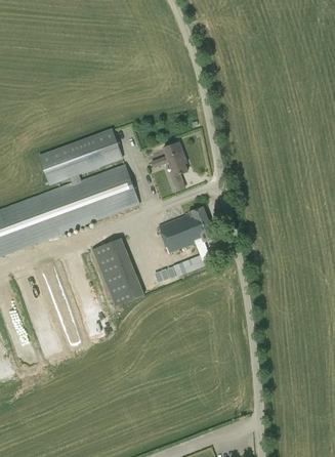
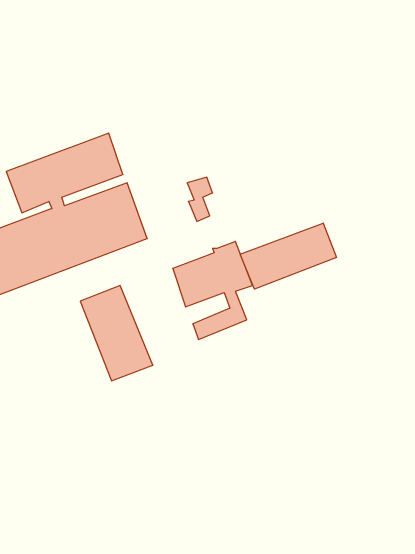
building: [151,141,184,168] -> none
building: none -> [240,223,336,289]

